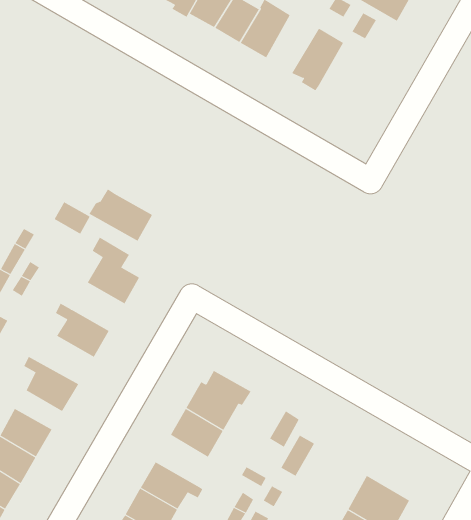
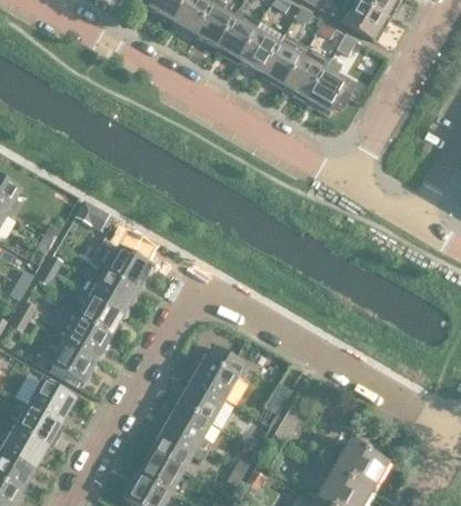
building: none -> [262,33,308,90]
building: none -> [305,58,358,116]
building: [88,188,153,242] -> [81,266,138,312]
building: none -> [53,311,111,359]
building: none -> [164,403,211,449]

